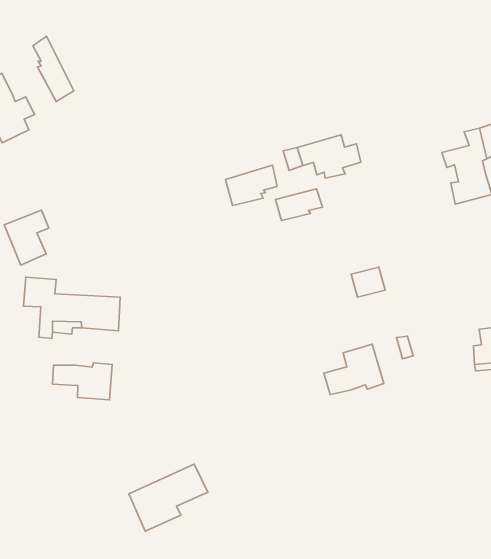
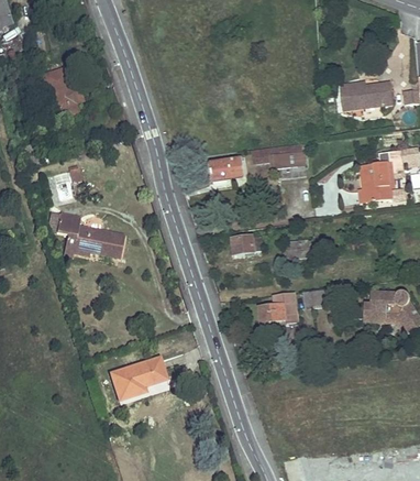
building: none -> [343,81,394,109]
building: [33,36,74,101] -> none
building: [275,189,322,221] -> [231,236,263,254]
building: [53,363,112,400] -> none

